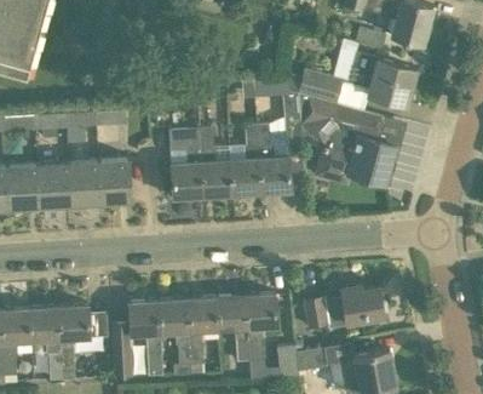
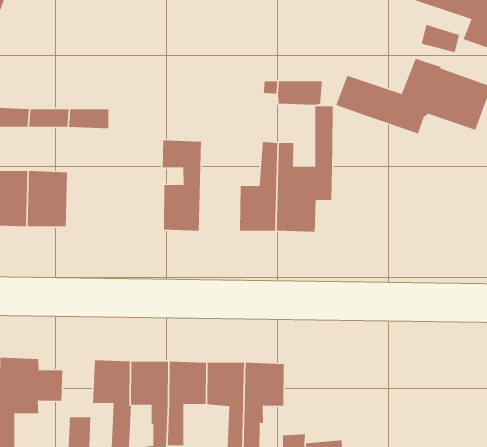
building: [298,93,397,183] -> none
building: [200,127,234,198] -> none
building: [99,158,133,202] -> none
building: [305,287,389,330] -> none

